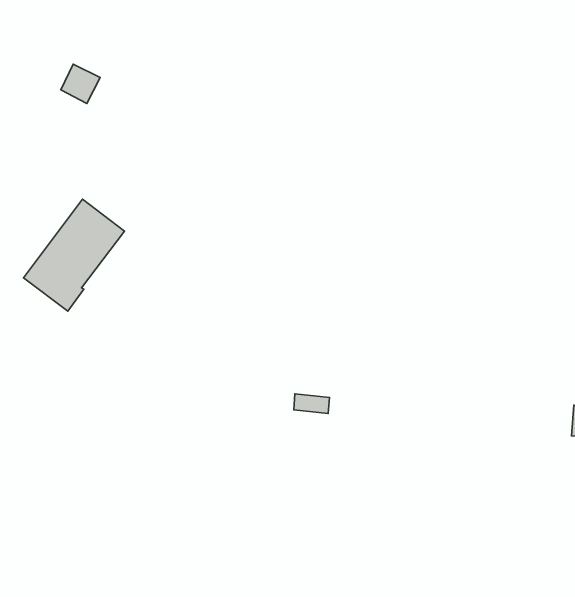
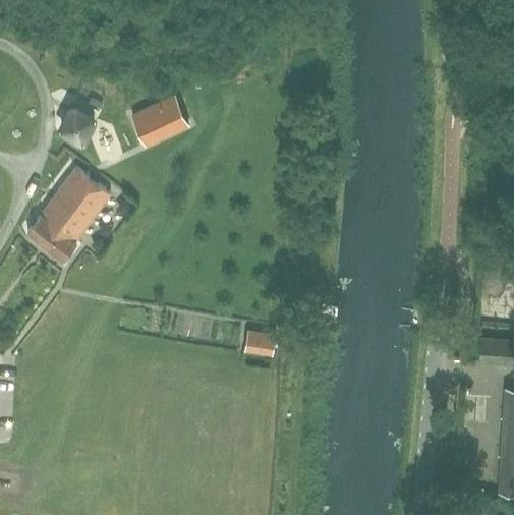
building: [61,64,100,104] -> [61,108,94,140]
building: none -> [131,97,188,148]

